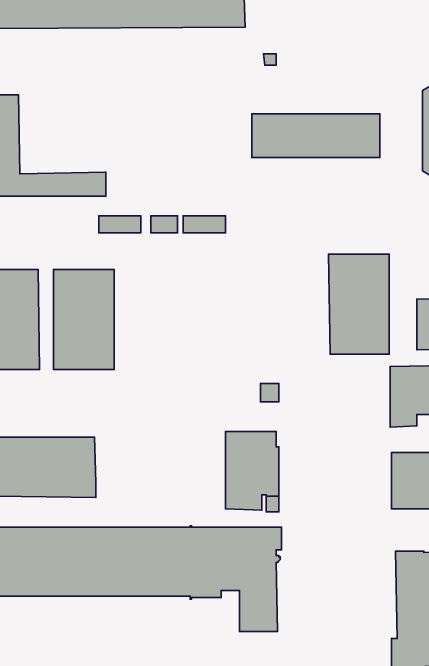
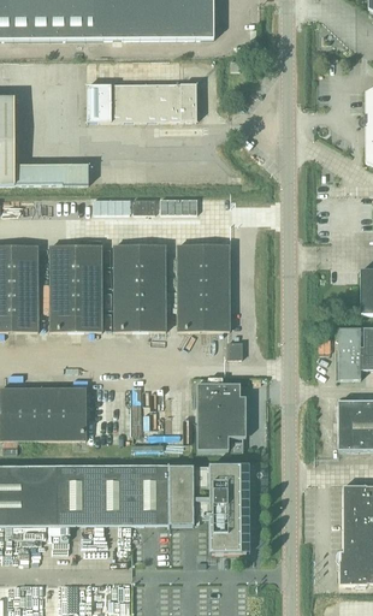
building: [252,114,380,157] -> [88,82,197,119]
building: [329,254,389,354] -> [177,244,229,330]
building: none -> [113,244,165,330]

